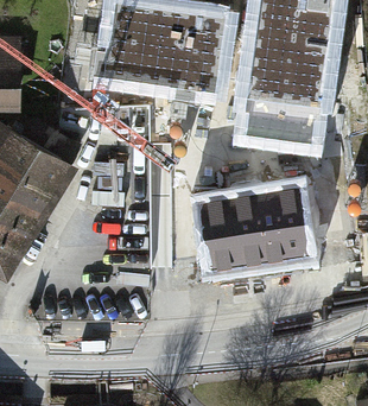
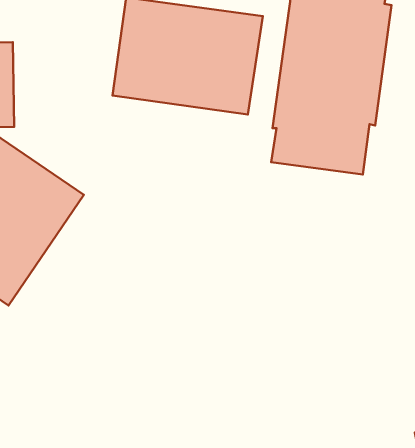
building: [189,183,306,274] -> none

